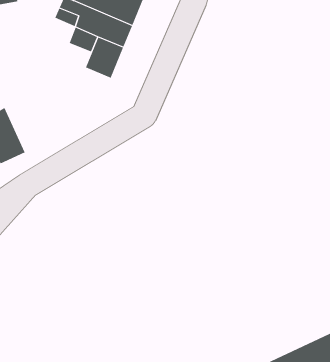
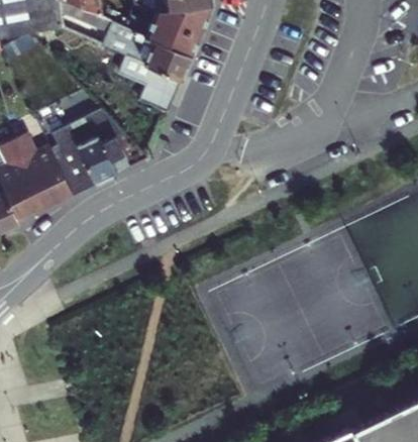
building: none -> [68,113,123,192]

